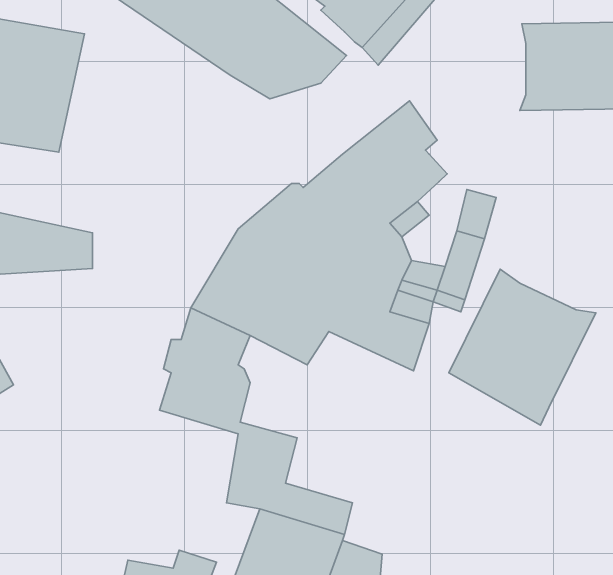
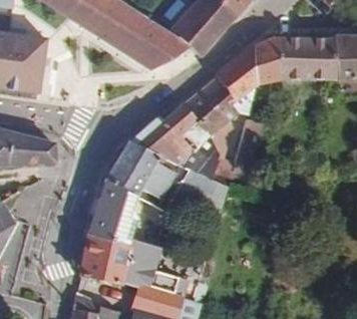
building: none -> [218,35,277,101]
building: [449,269,596,425] -> none
building: none -> [81,232,130,279]

